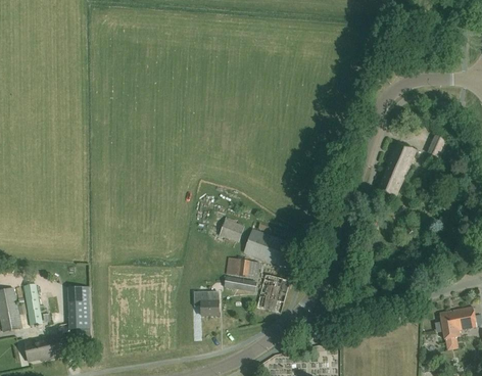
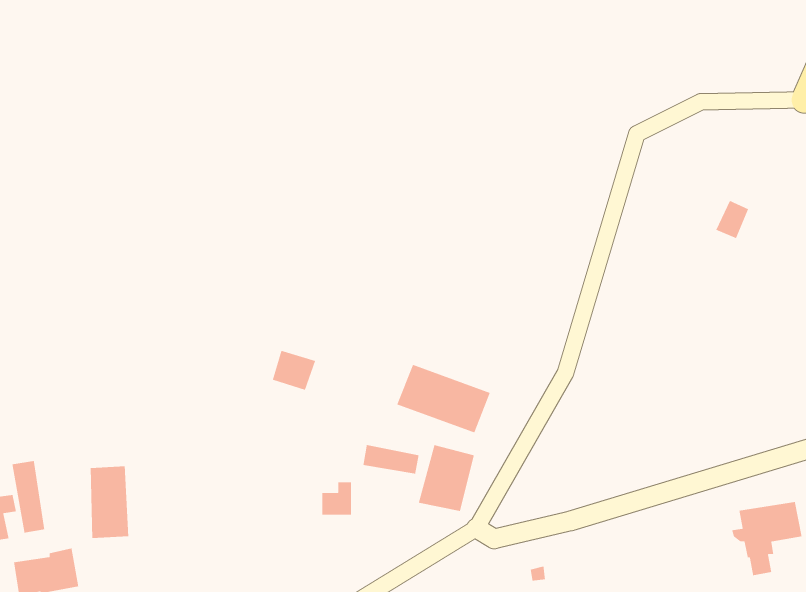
building: [376,140,415,196] -> none
building: [219,218,244,241] -> [272,350,316,391]
building: [227,256,259,278] -> none

